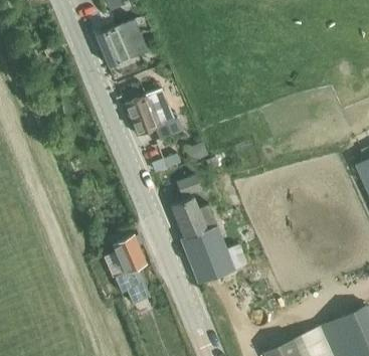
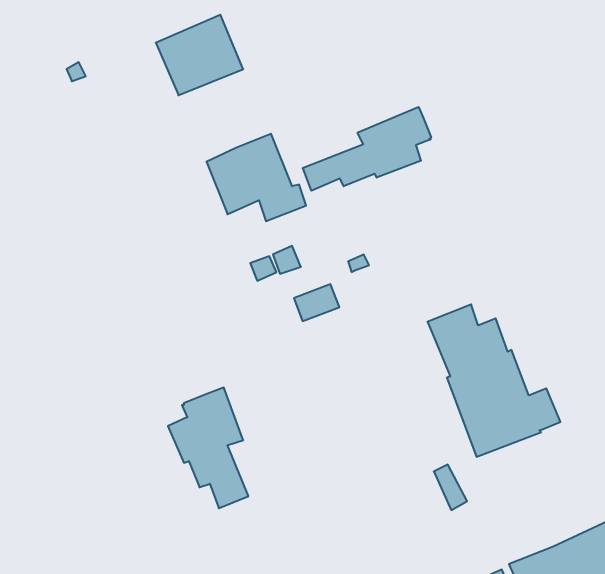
building: none -> [303,107,431,191]
building: [170,197,246,285] -> [427,304,560,457]

